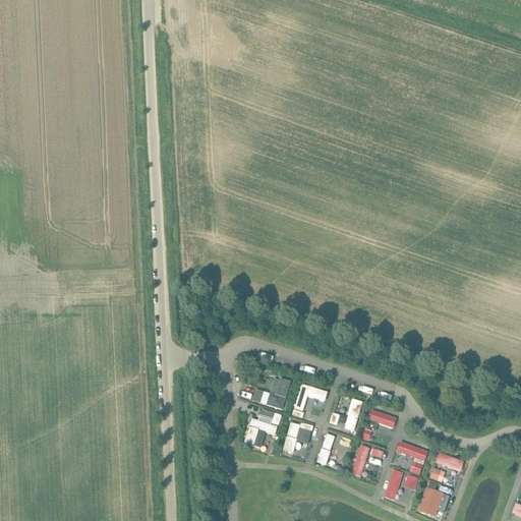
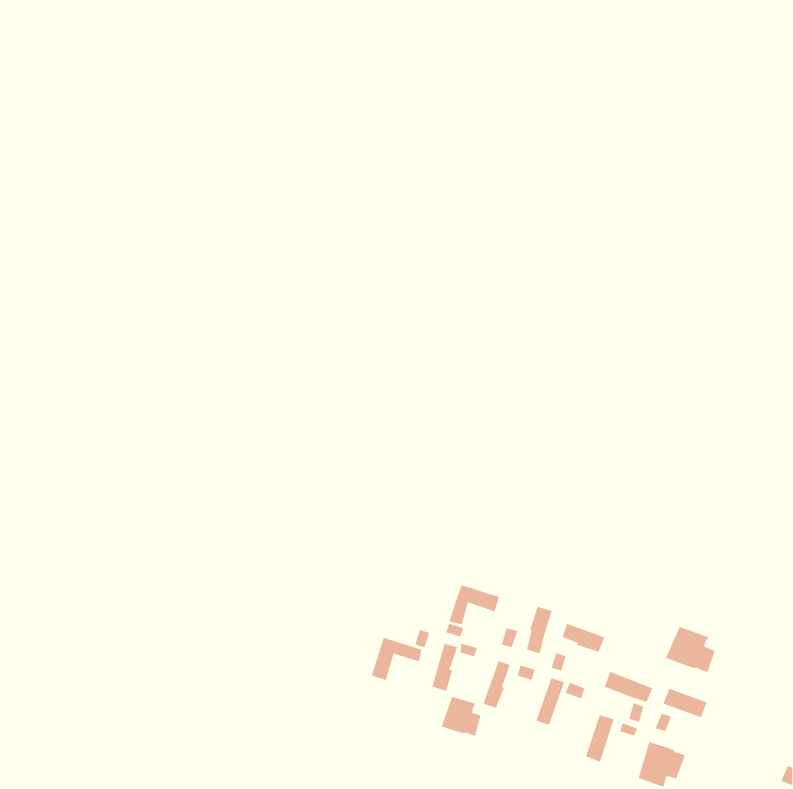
building: [266,378,291,409] -> none
building: none -> [665,626,715,673]
building: none -> [441,696,481,736]

